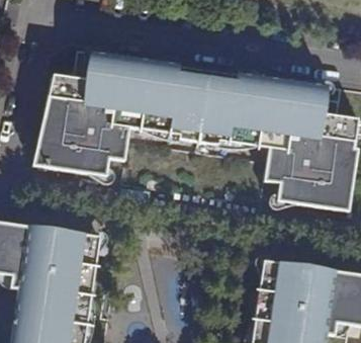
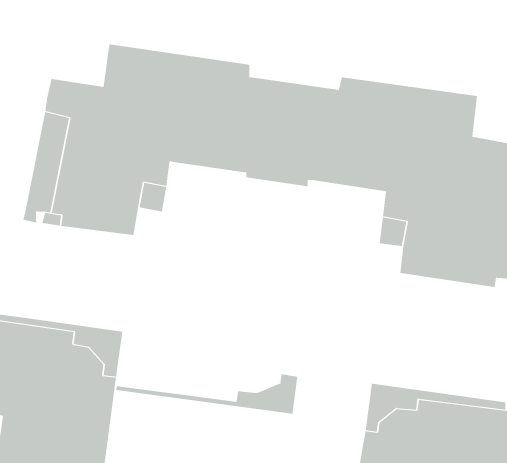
building: none -> [115,374,298,414]

